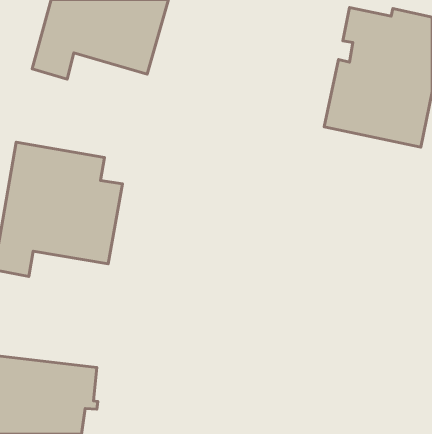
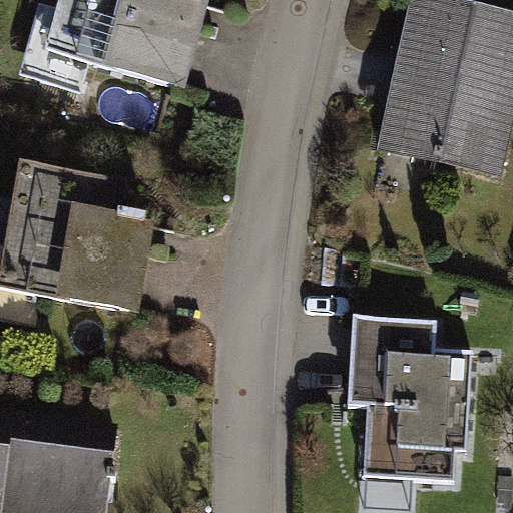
building: none -> [349,322,469,484]

